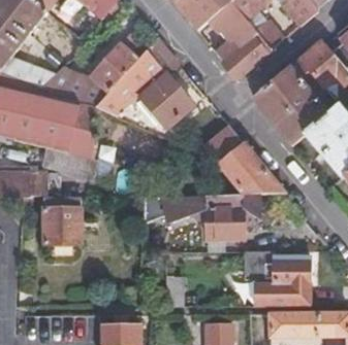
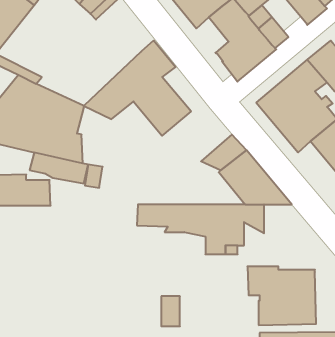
building: [46,30,145,101] -> none
building: [42,194,80,241] -> none

